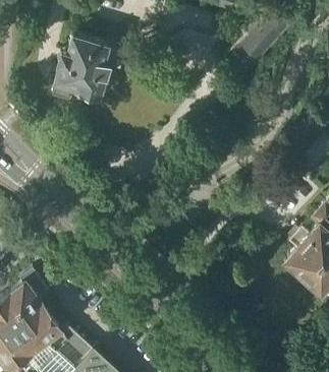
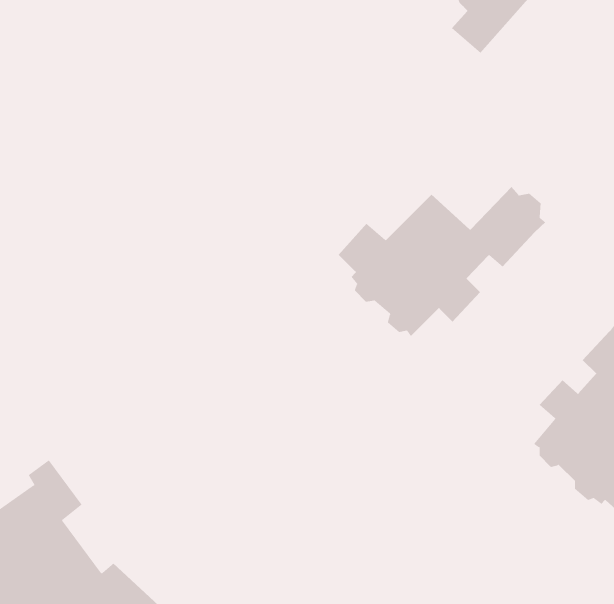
building: [52,35,123,101] -> none
building: none -> [338,186,546,337]

